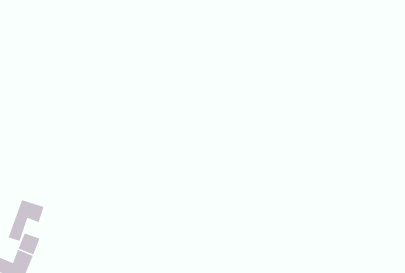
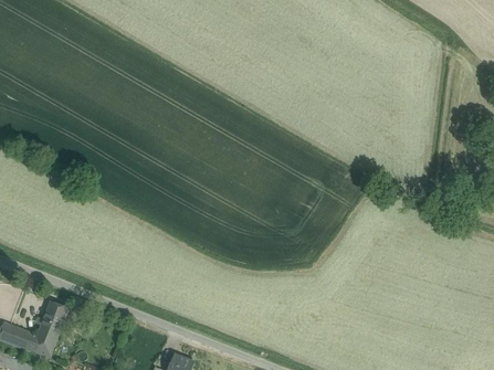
building: [8,199,45,242] -> none

